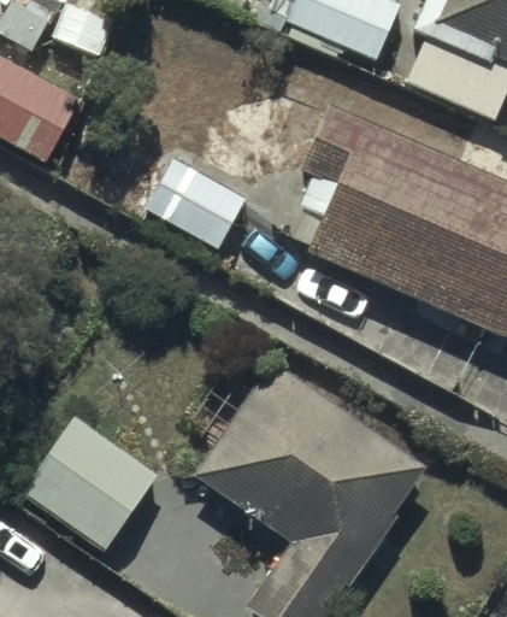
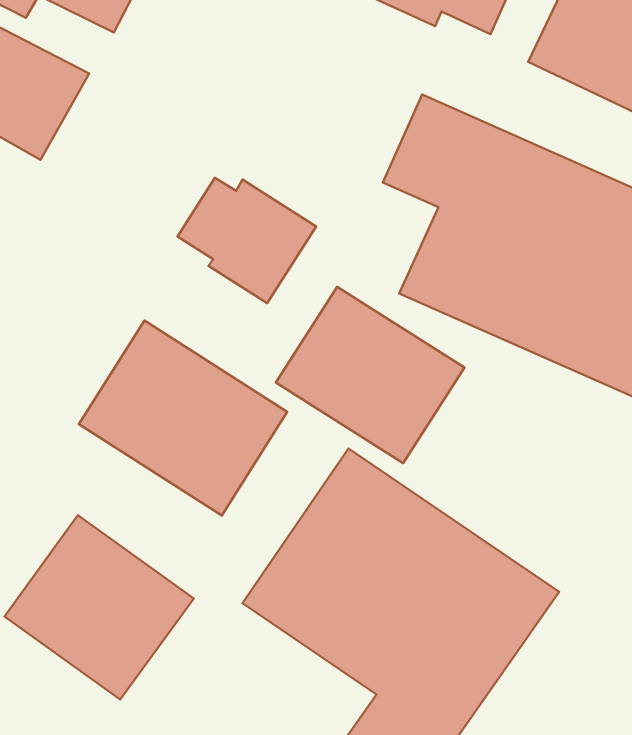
building: none -> [276,287,464,463]
building: none -> [79,321,287,516]

